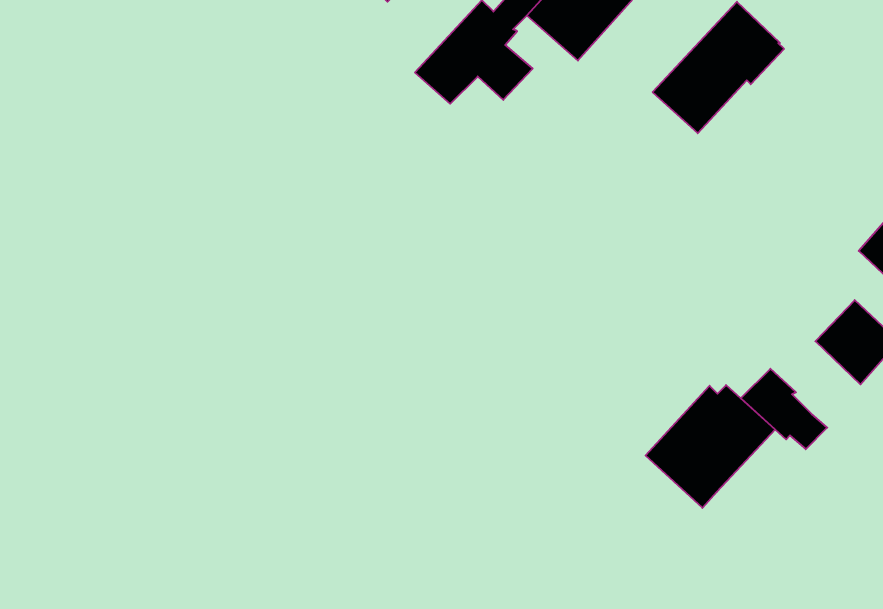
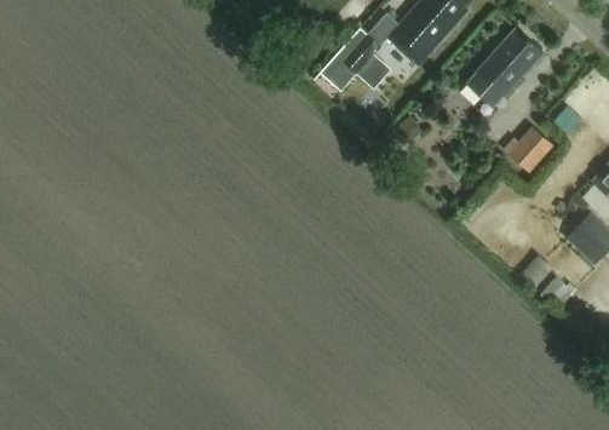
building: none -> [510,127,552,170]
building: [646,385,775,508] -> none

